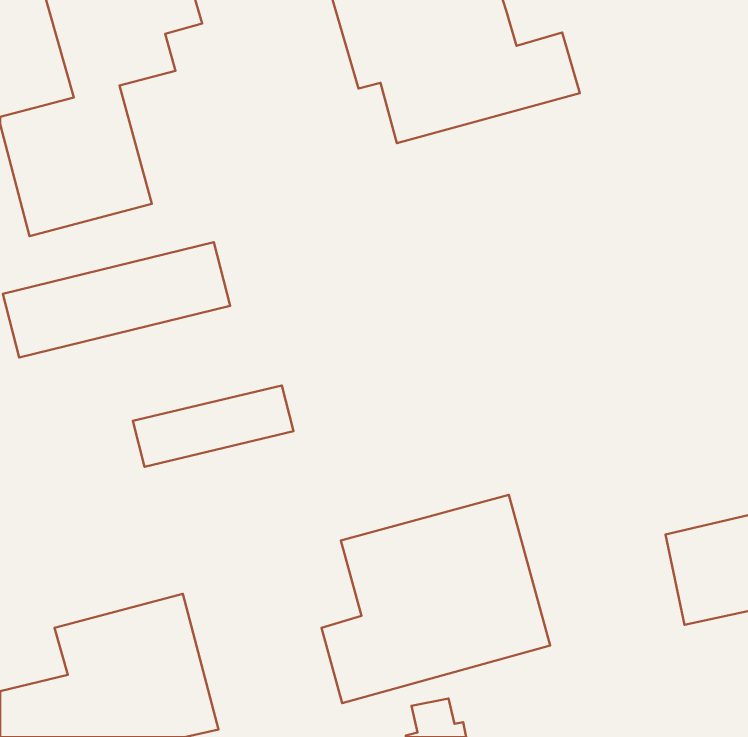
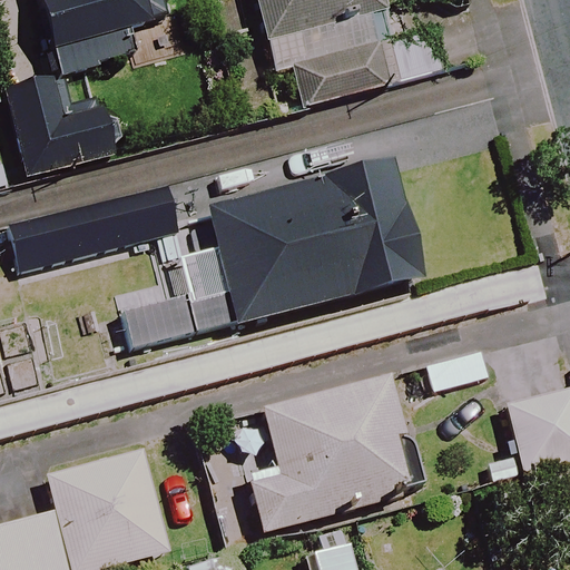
building: none -> [207,164,413,325]

